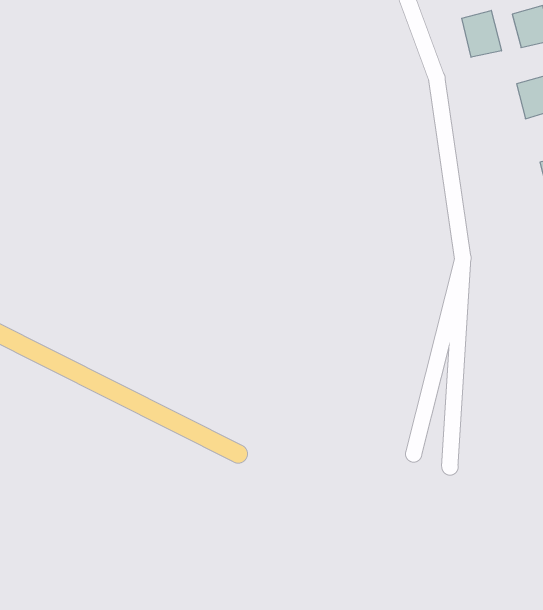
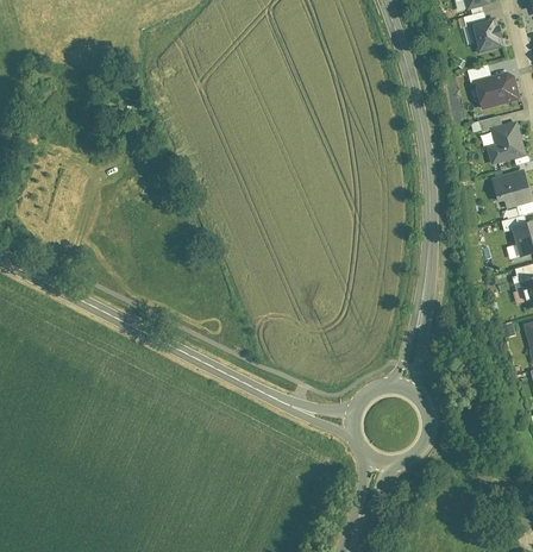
building: [462,10,501,57] -> none

